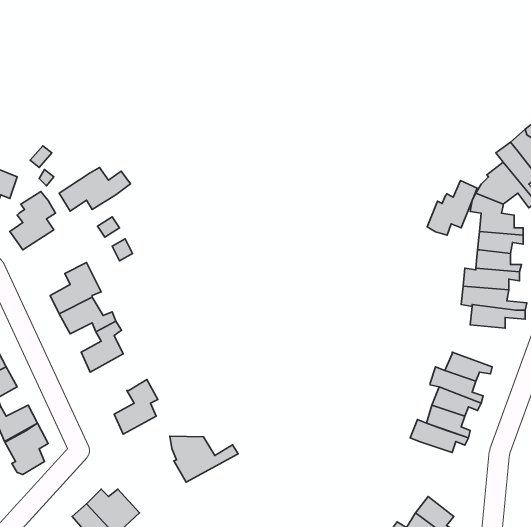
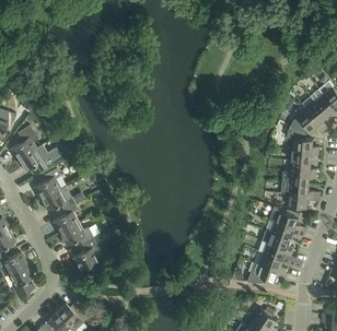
building: [59,167,130,211] -> [18,145,60,172]
building: [427,181,477,235] -> none
building: none -> [268,206,301,230]
building: none -> [58,223,92,246]
building: [170,436,238,482] -> none

